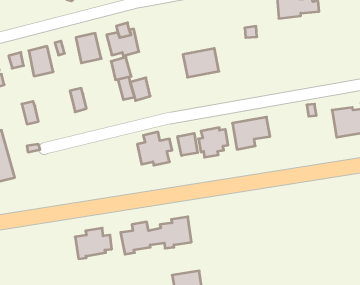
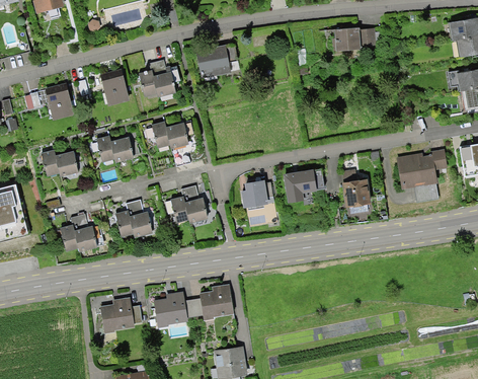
building: [183,48,219,77] -> [196,44,238,77]
building: [111,57,131,80] -> [108,135,132,161]
building: none -> [53,150,76,176]
building: none -> [341,171,372,214]
building: [178,133,198,156] -> none
building: none -> [115,198,154,238]
building: none -> [60,213,99,251]

